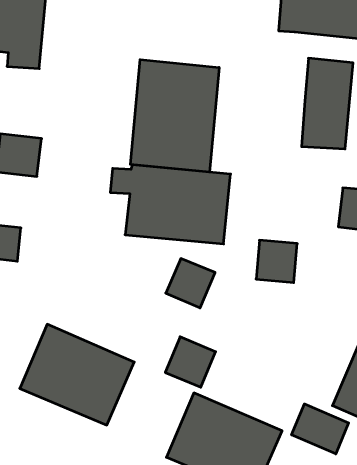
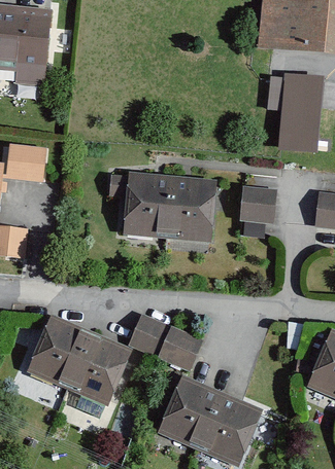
building: [130,60,219,172] -> none
building: [256,240,297,283] -> [238,185,275,223]
building: [166,259,215,308] -> [126,313,170,357]
building: [292,404,349,454] -> none

